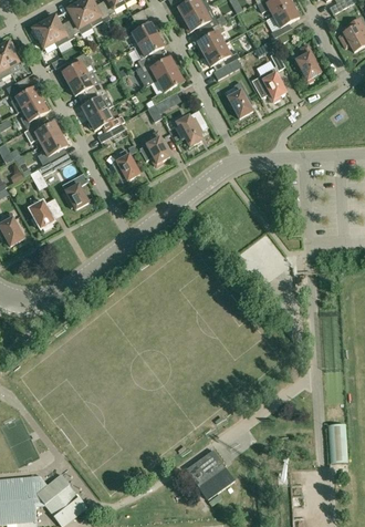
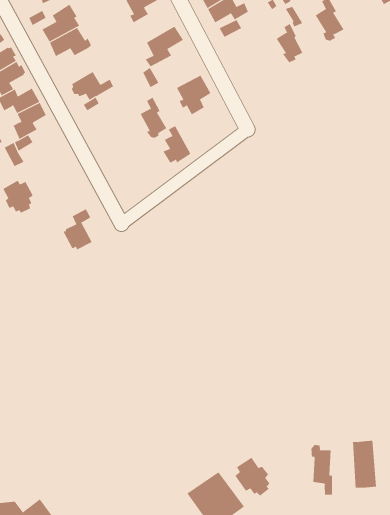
building: [139,55,175,83] -> none
building: [227,79,251,116] -> none
building: [80,86,112,117] -> none
building: [114,147,138,180] -> [163,125,191,164]
building: [62,172,87,207] -> [63,209,92,250]
building: none -> [311,444,333,496]
building: none -> [234,457,270,497]

